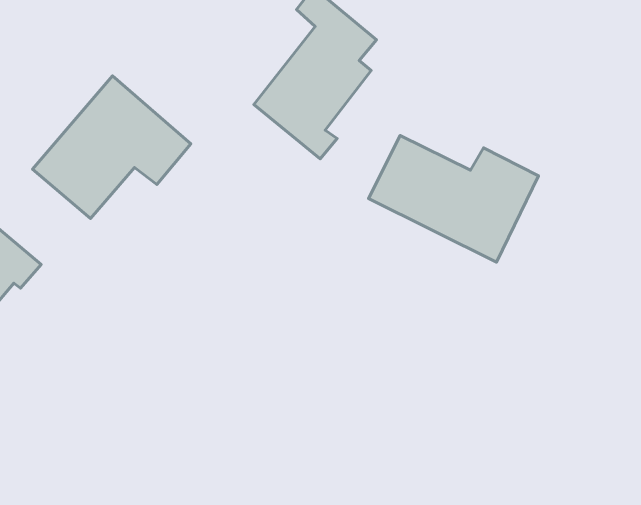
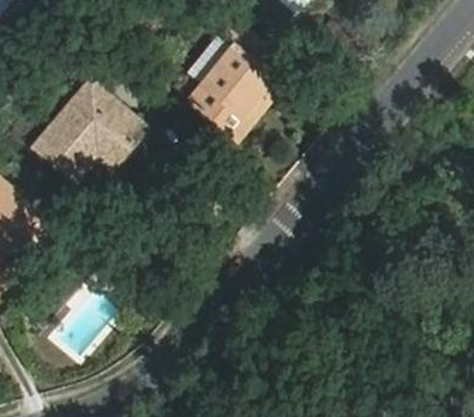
building: [369,135,538,262] -> none

